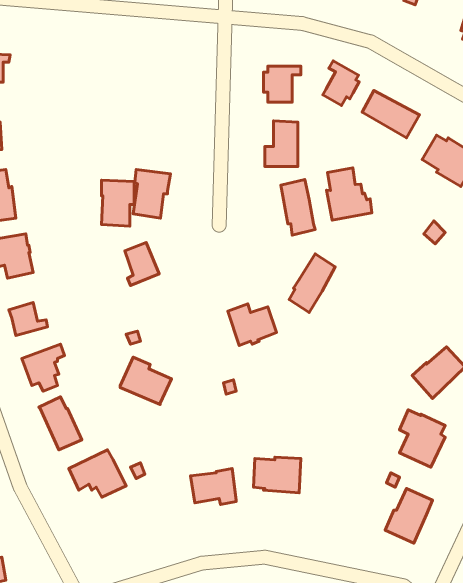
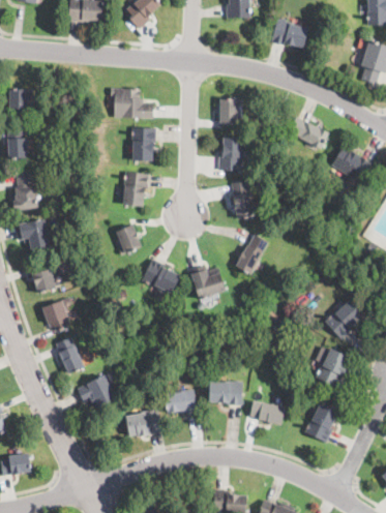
building: none -> [110,87,153,118]
building: [323,61,359,105] -> none
building: [326,168,372,220] -> none
building: [101,180,134,226] -> [131,127,155,160]
building: [120,357,172,405] -> [143,259,180,293]
building: none -> [249,400,285,424]
building: none -> [125,408,161,435]

